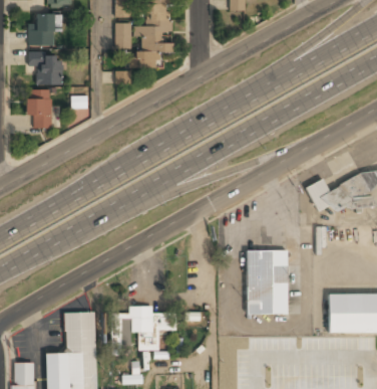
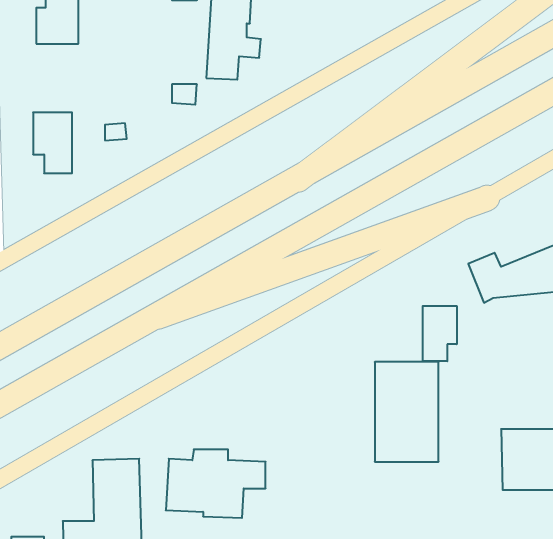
building: [116,23,132,48] -> none
building: [29,53,62,84] -> none
building: none -> [423,306,457,361]

